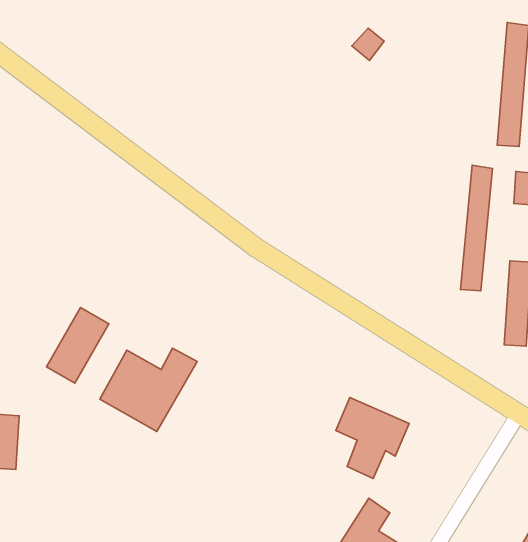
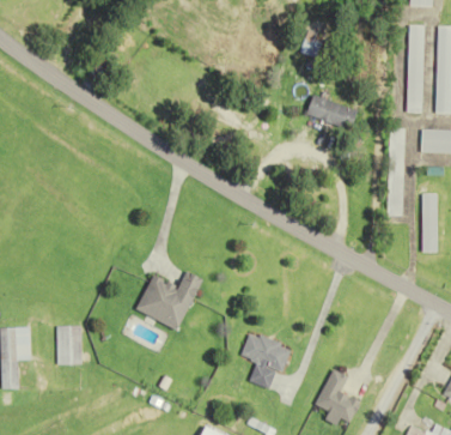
building: none -> [306,93,359,132]
building: [46,308,109,383] -> none
building: [336,397,409,478] -> [239,332,291,388]

